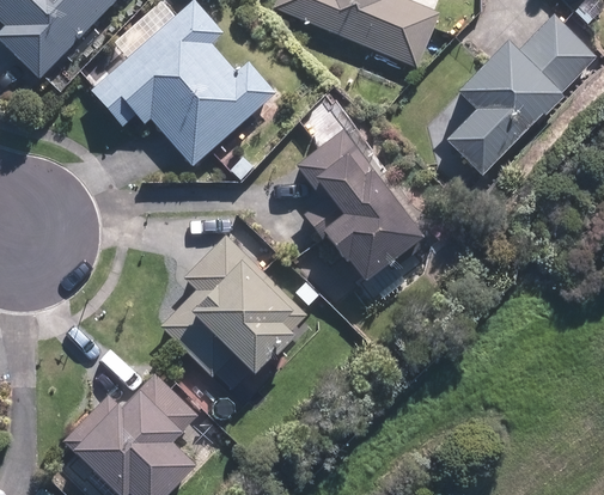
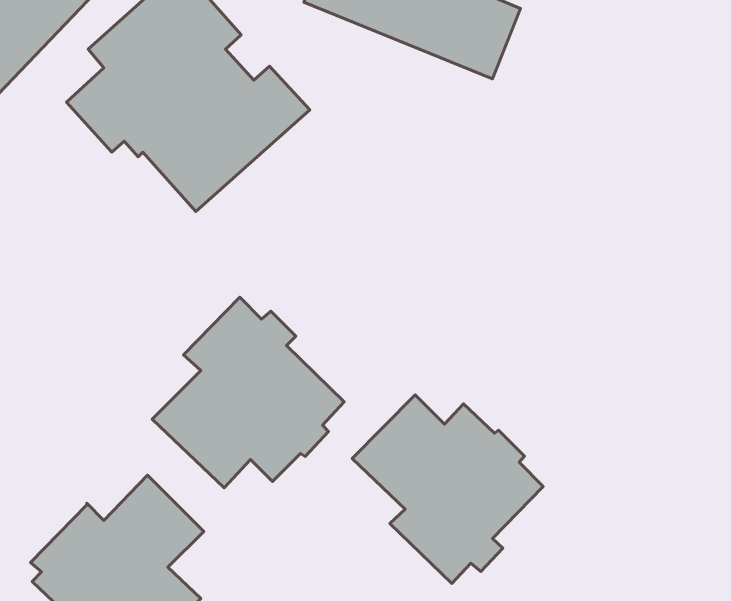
building: [441,20,596,176] -> none
building: [294,127,428,287] -> none
building: none -> [352,395,543,584]

